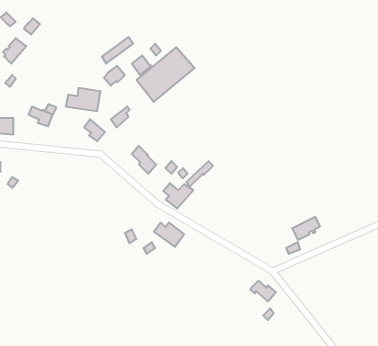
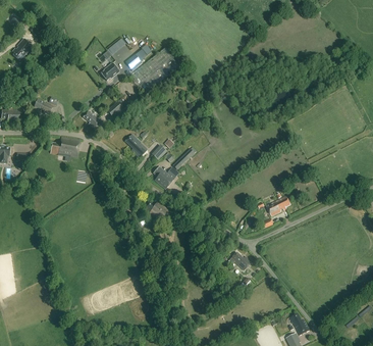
building: [66,88,101,111] -> [50,136,81,156]

